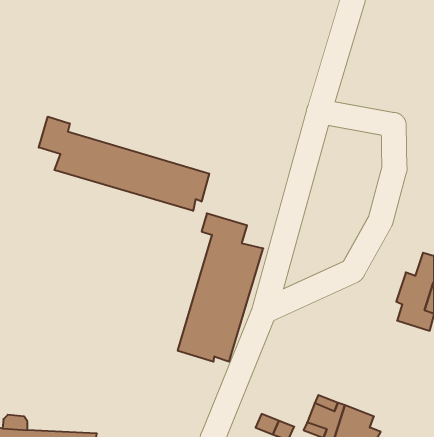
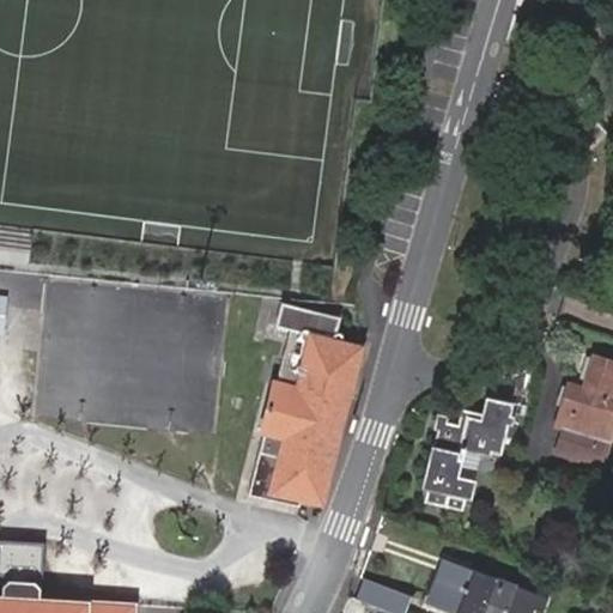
building: [39,117,209,211] -> none
building: none -> [423,403,521,511]

